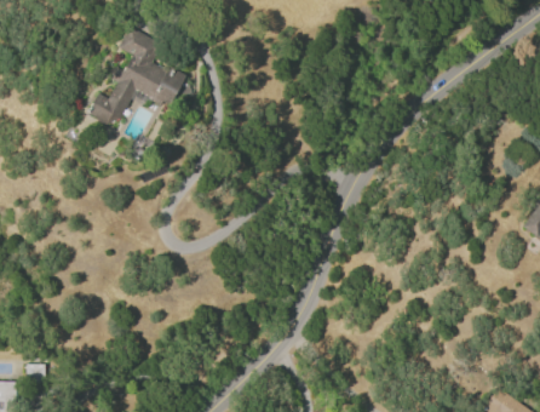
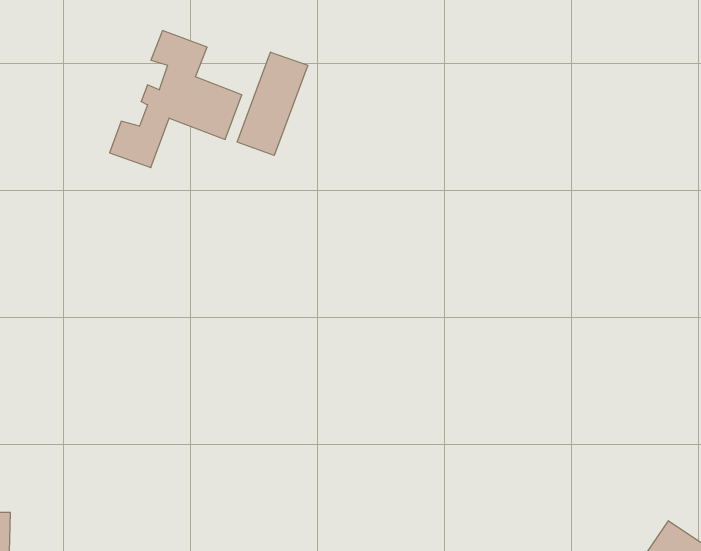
building: none -> [237,52,308,155]

